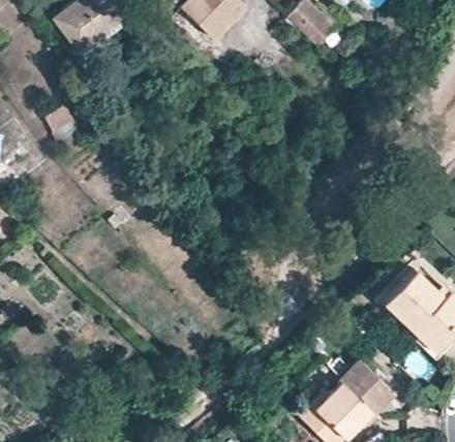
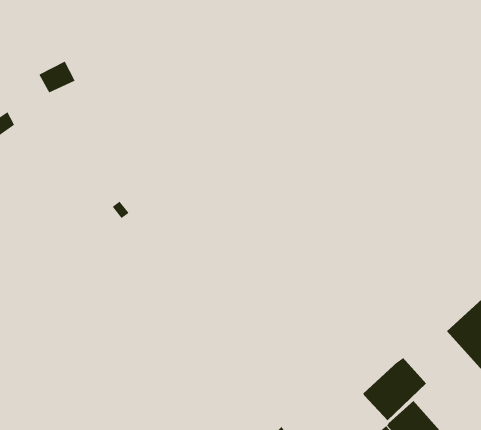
building: none -> [363,357,427,421]

